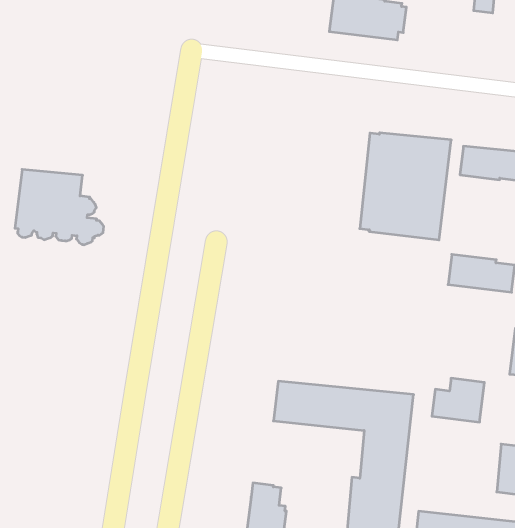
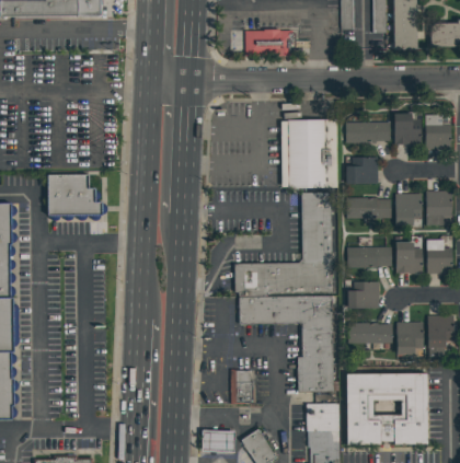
building: none -> [345,155,378,183]
building: none -> [233,192,332,296]
building: none -> [346,246,391,267]
building: none -> [353,322,392,342]

